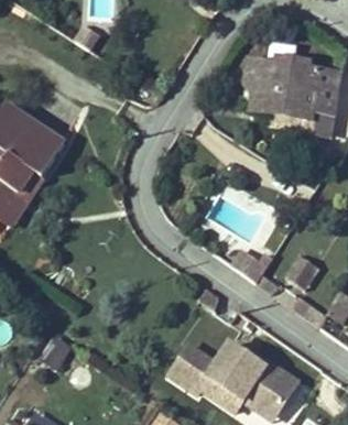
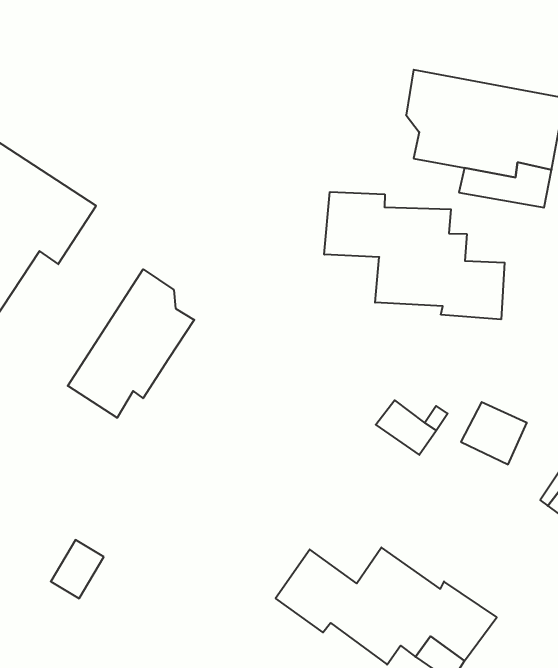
building: none -> [324,192,505,319]
building: none -> [68,269,194,418]

